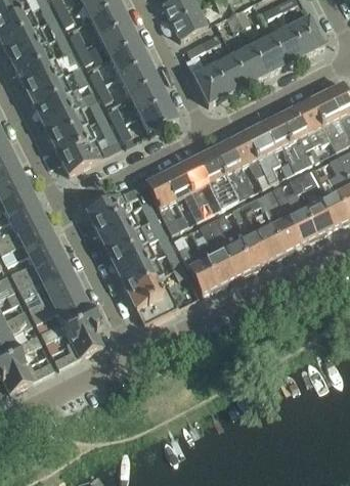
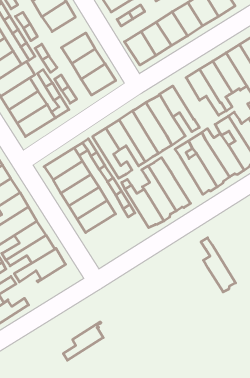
building: [110,40,148,74] -> none
building: [244,122,280,181] -> none
building: [231,204,267,268] -> [201,238,236,292]
building: [127,277,178,323] -> none
building: [54,325,102,366] -> [63,322,103,360]

